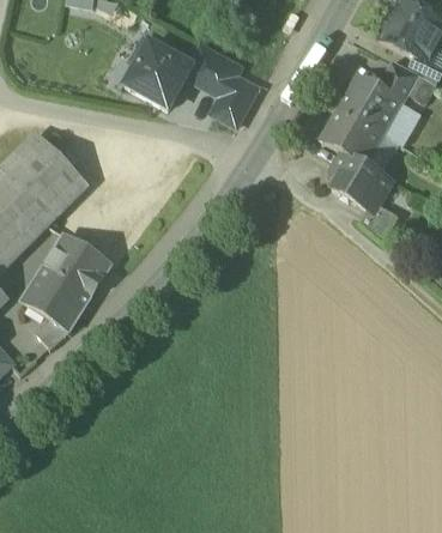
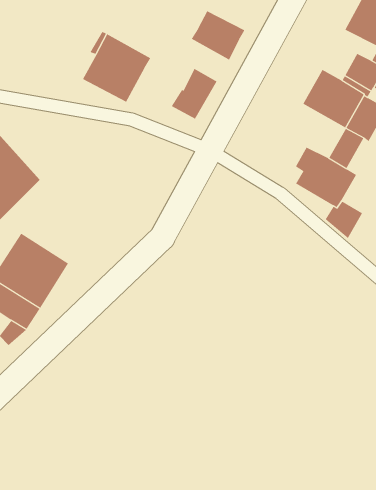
building: [186,46,238,95] -> [191,10,245,61]
building: [322,108,381,160] -> none

